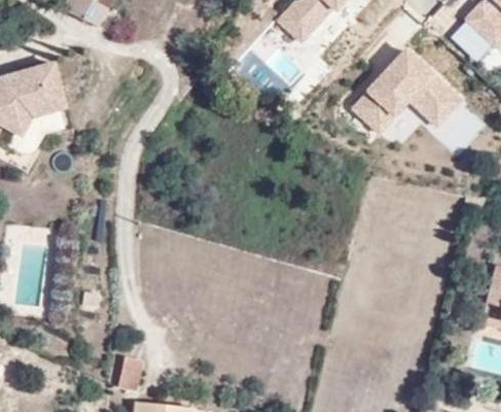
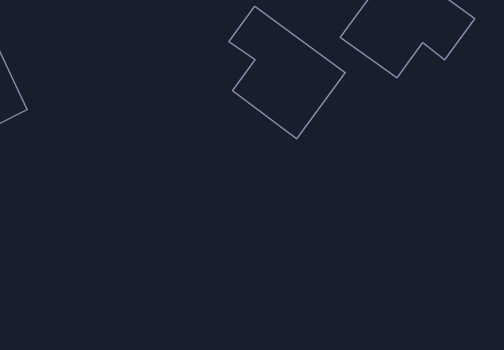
building: none -> [229,6,345,139]

